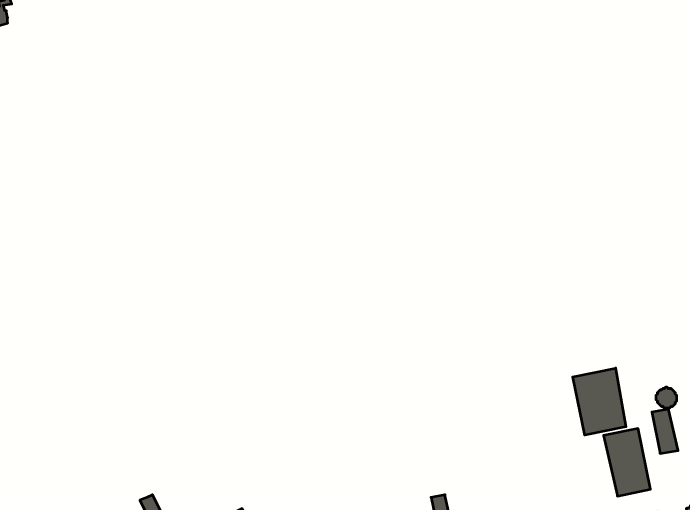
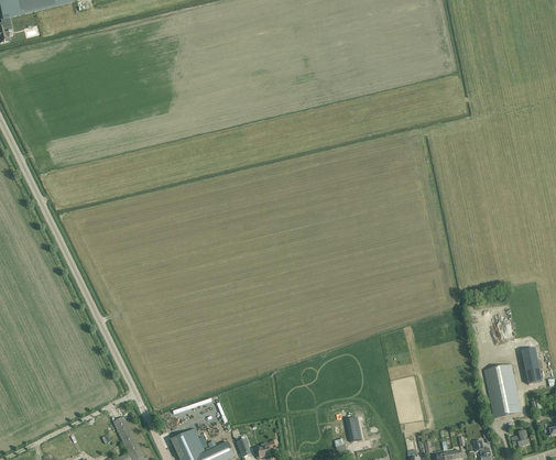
building: [573,368,626,435] -> none

